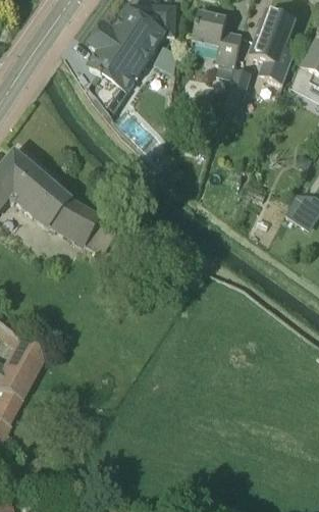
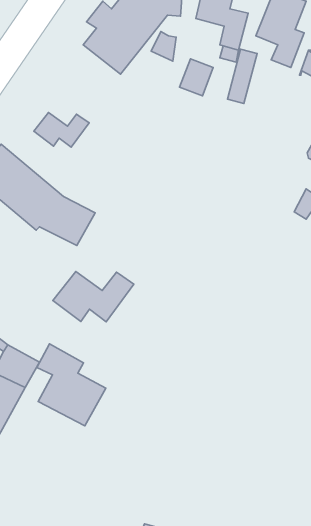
building: none -> [34,113,89,147]
building: none -> [53,272,134,322]
building: none -> [37,344,106,426]

